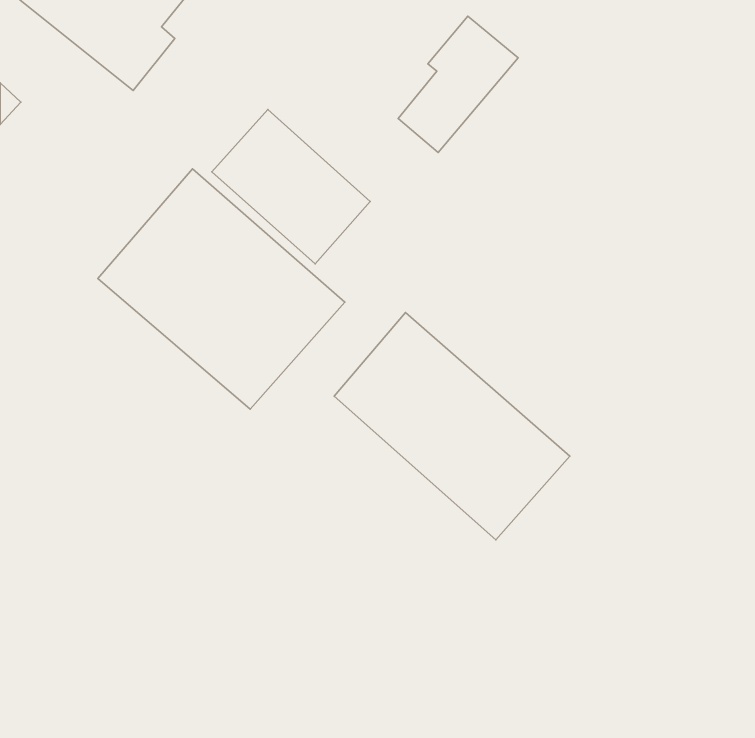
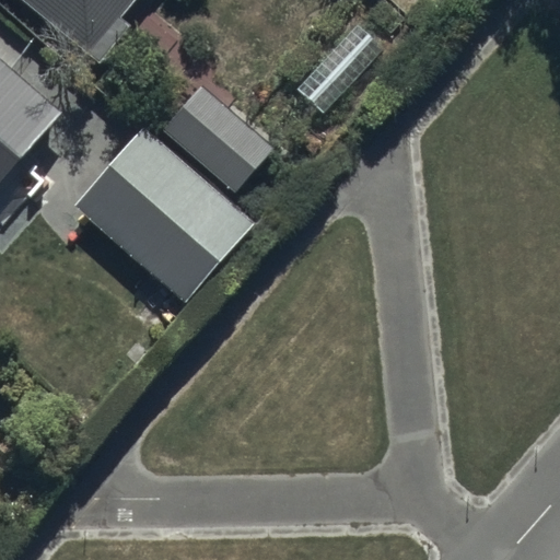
building: [334,312,570,540] -> none

